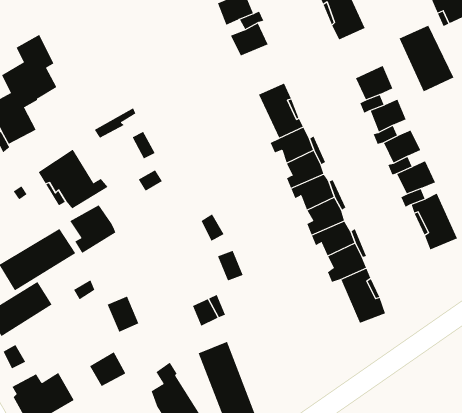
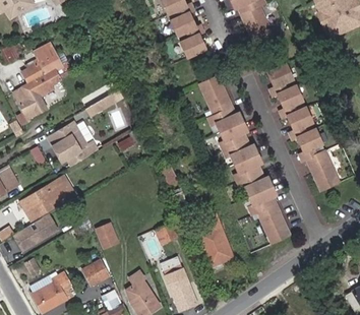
building: [399,25,454,92] -> none
building: [70,204,116,254] -> none
building: none -> [197,212,234,266]

